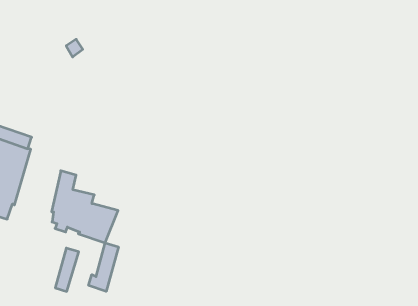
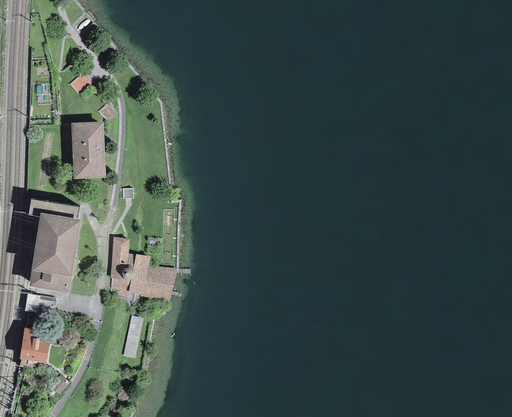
building: none -> [71,121,105,178]
building: [89,243,118,291] -> none

